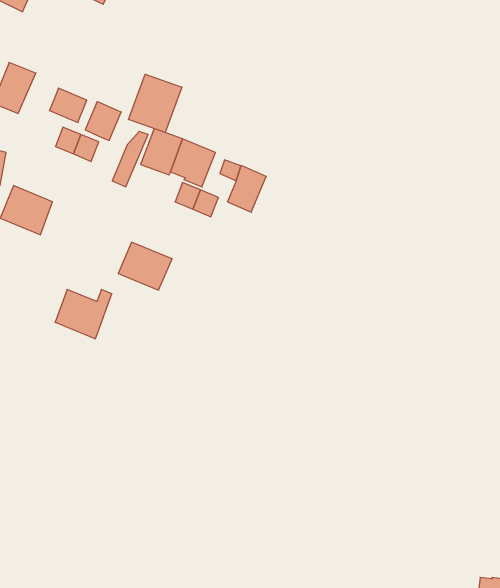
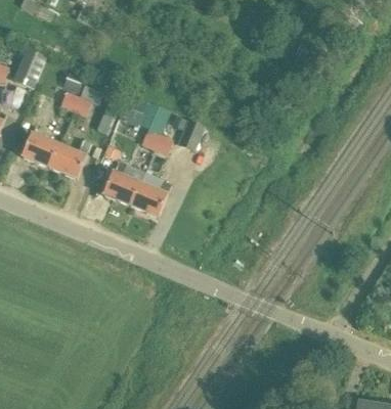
building: [128,74,182,132] -> none
building: none -> [131,182,168,215]
building: [55,289,112,339] -> [50,143,89,177]

